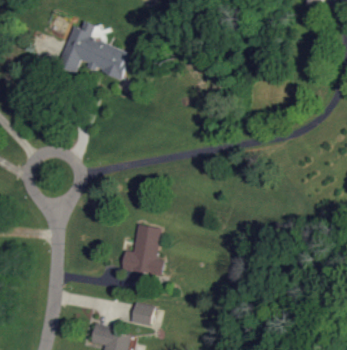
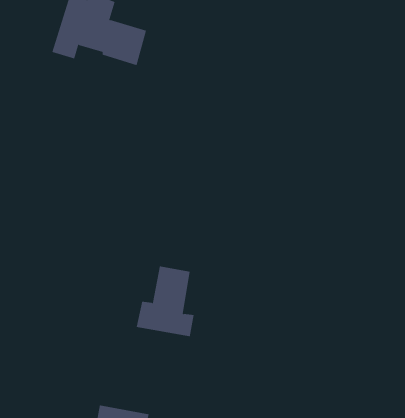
building: [130,301,154,326] -> none

